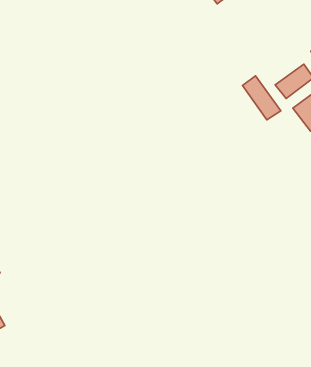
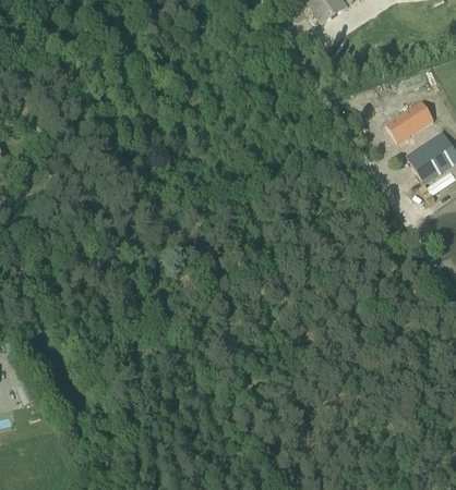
building: [243,76,281,120] -> none

